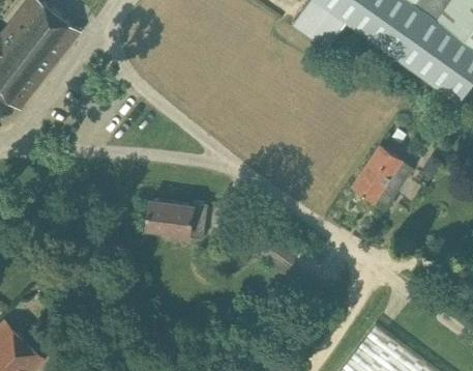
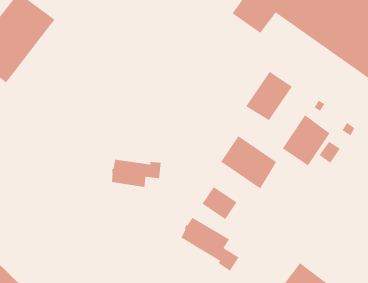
building: none -> [245,71,293,121]
building: none -> [220,135,277,189]
building: none -> [180,217,239,272]

